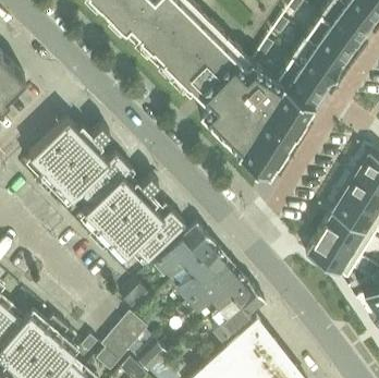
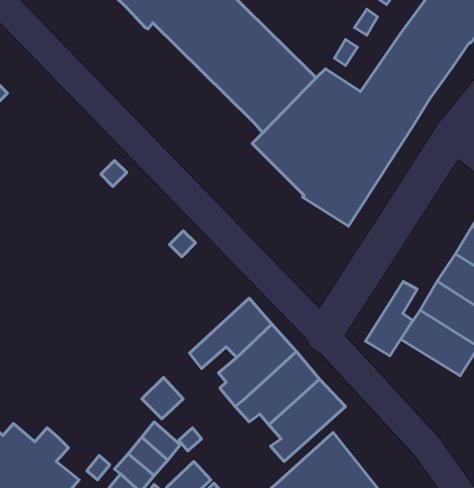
building: [28,119,185,263] -> none
building: none -> [365,282,417,356]

